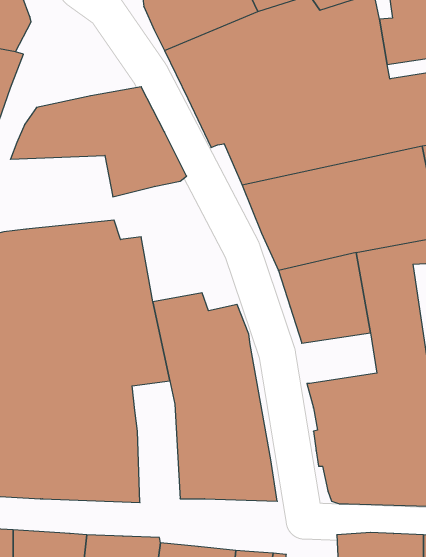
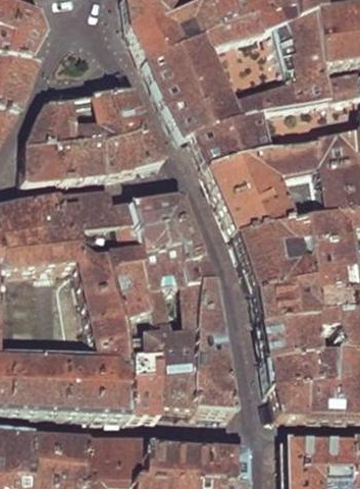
building: none -> [28,140,108,179]
building: none -> [131,195,207,262]
building: none -> [257,279,316,319]
building: none -> [123,317,161,413]

